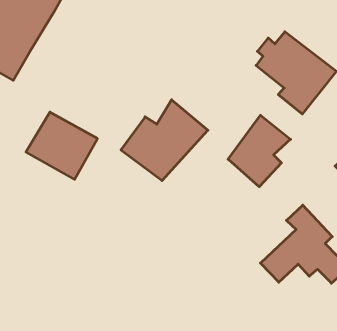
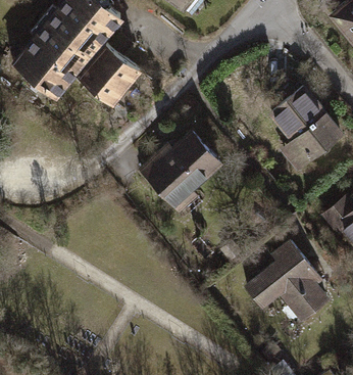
building: [26,112,97,179] -> [75,41,140,103]
building: [228,115,291,187] -> none

